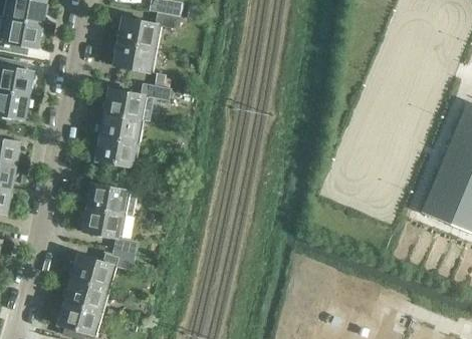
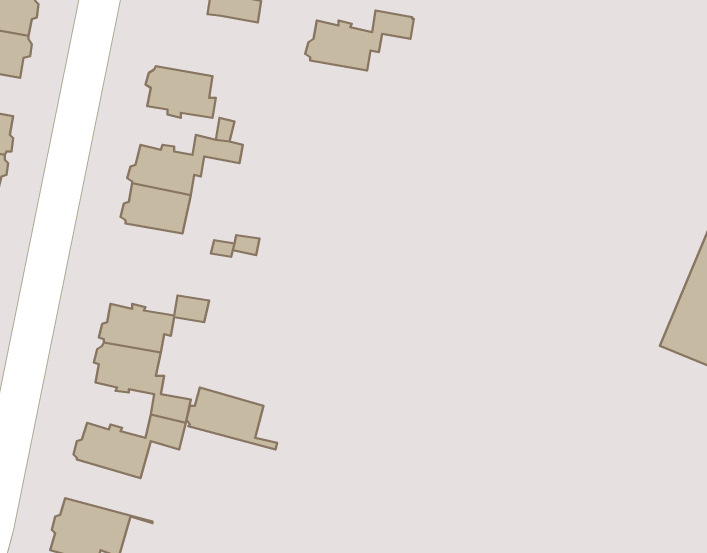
building: [115,12,181,48] -> [305,10,414,71]
building: [93,136,135,167] -> none
building: [63,278,117,315] -> [187,388,277,450]

